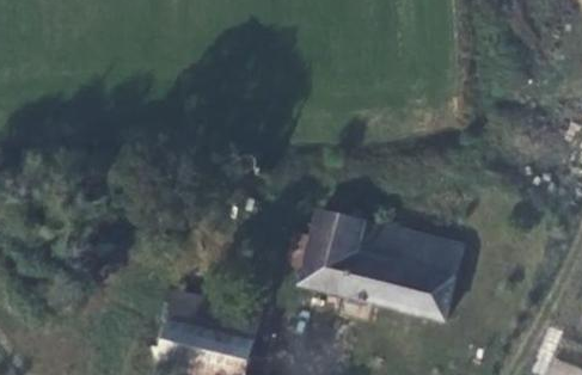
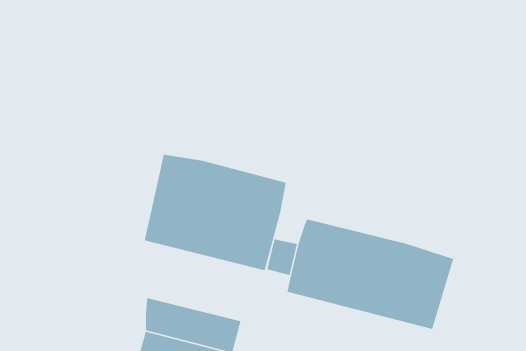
building: none -> [144,154,287,271]

